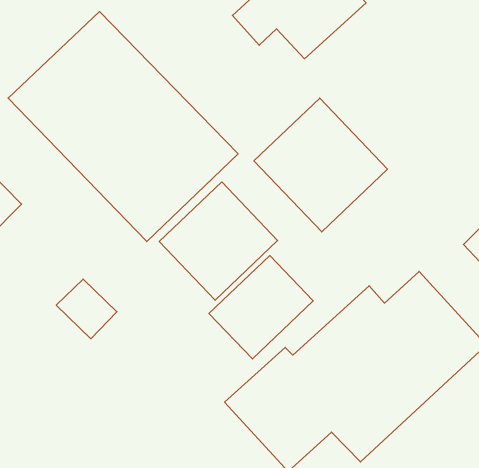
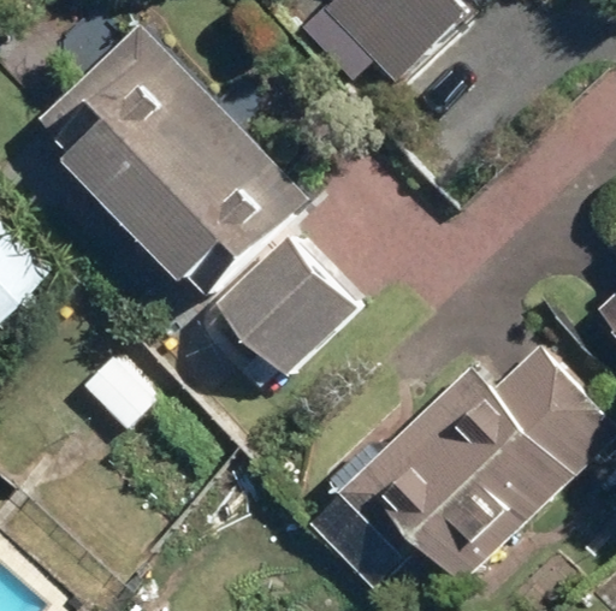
building: [254,98,387,232] -> none
building: [209,256,313,359] -> none

